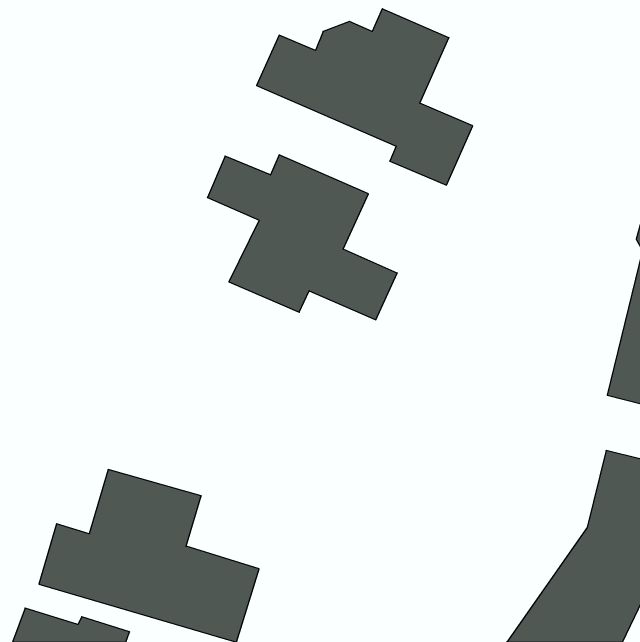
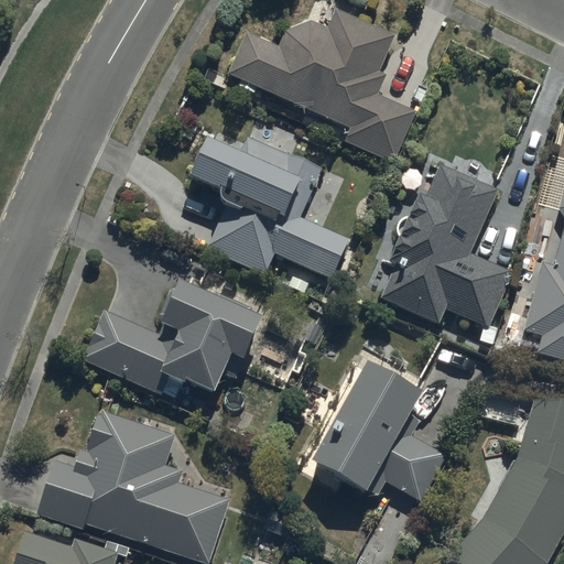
building: none -> [381,163,512,327]
building: none -> [83,279,254,399]
building: none -> [305,359,446,502]

